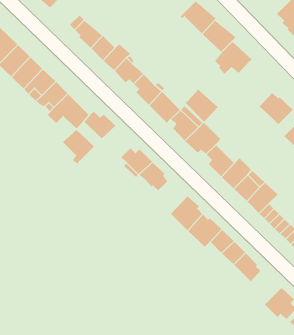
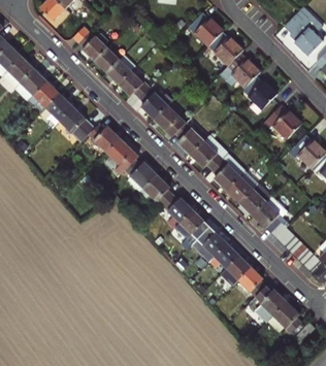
building: [185,89,219,122] -> [241,75,275,109]
building: [62,129,95,165] -> [106,139,139,175]
building: none -> [163,195,193,228]
building: none -> [257,286,288,315]

